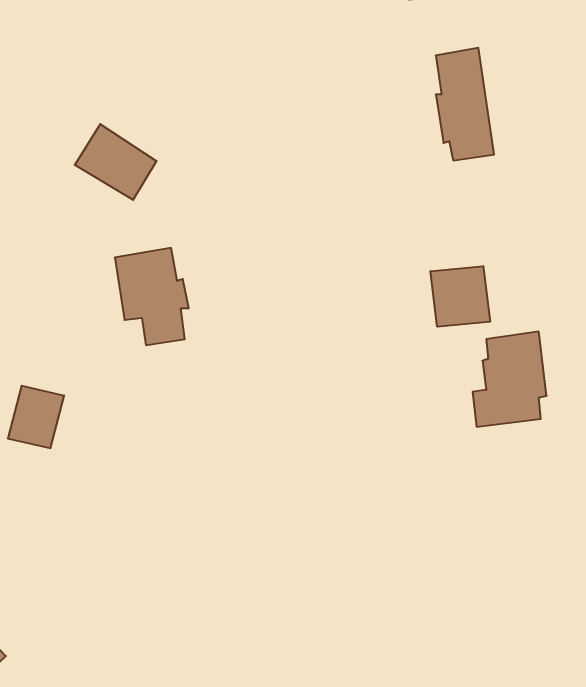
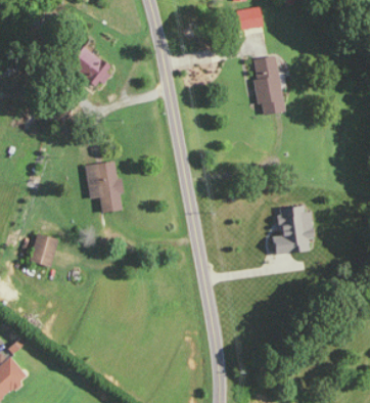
building: [75,124,157,200] -> [68,46,111,86]
building: [431,266,490,327] -> none

